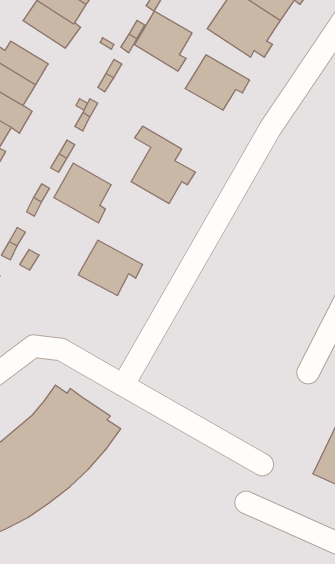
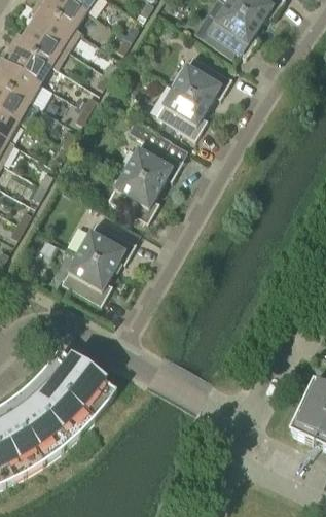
building: [135,11,192,71] -> [157,84,209,138]
building: none -> [19,24,68,67]
building: [54,163,111,223] -> [109,168,160,221]
building: none -> [62,251,114,304]

